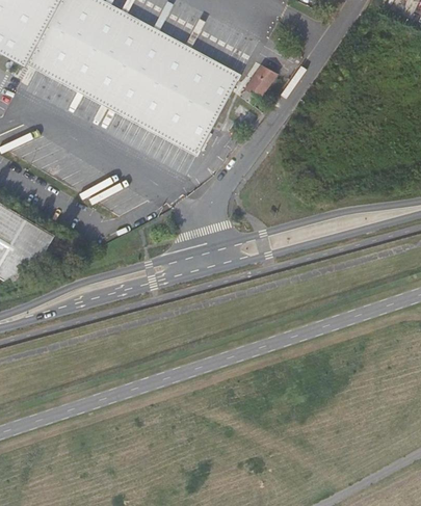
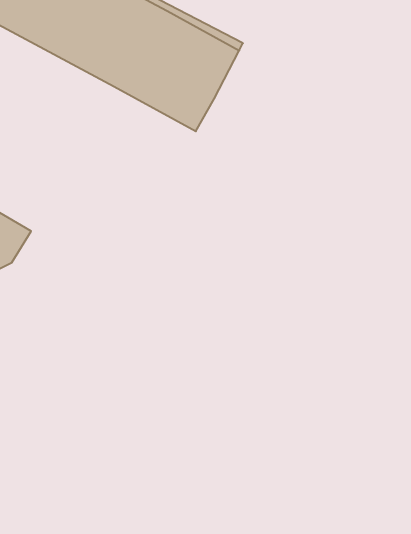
building: [238,65,275,106] -> none

